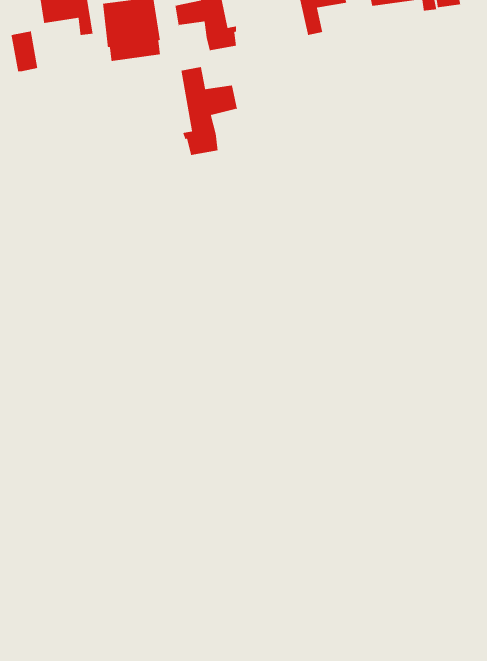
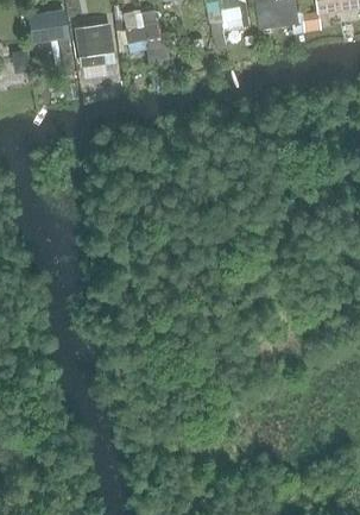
building: [181,66,238,156] -> none

